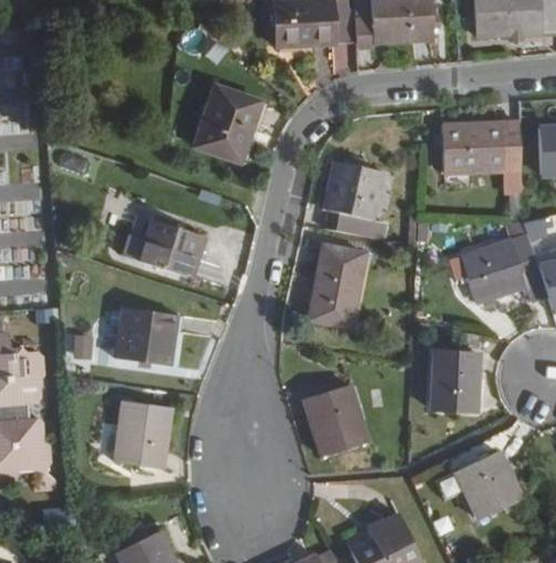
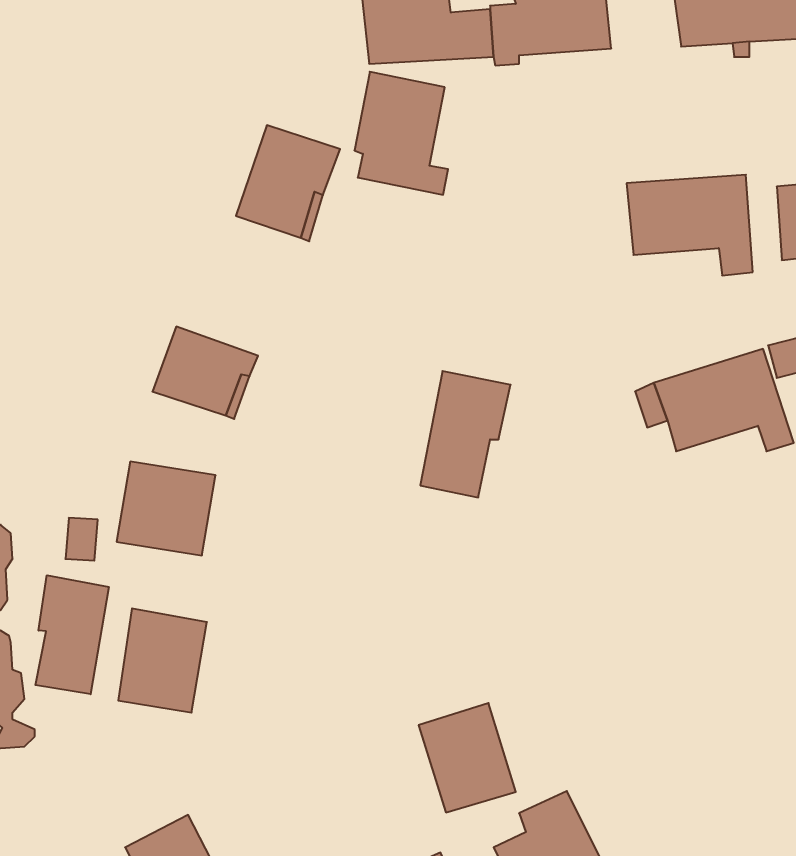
building: [325,159,386,239] -> [354,72,448,195]
building: [434,351,480,409] -> none
building: none -> [35,575,109,694]
building: [305,385,368,455] -> [419,703,516,812]
building: [456,454,521,521] -> none

